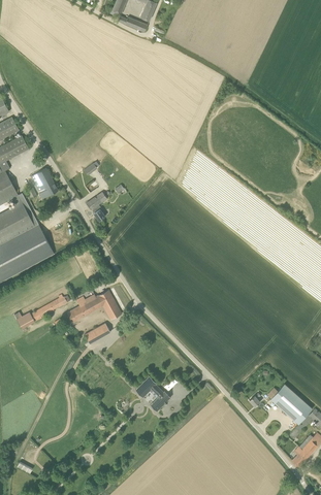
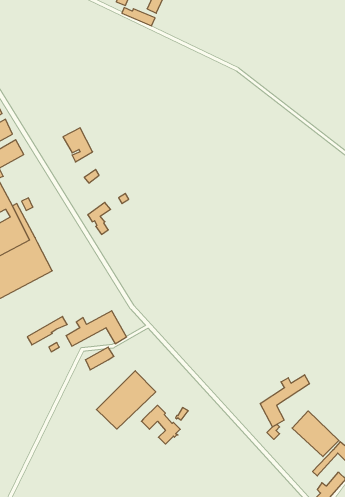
building: [30,169,57,200] -> [63,128,93,162]
building: none -> [96,371,156,429]
building: none -> [260,375,309,427]

